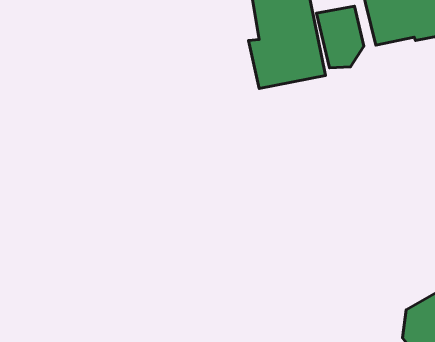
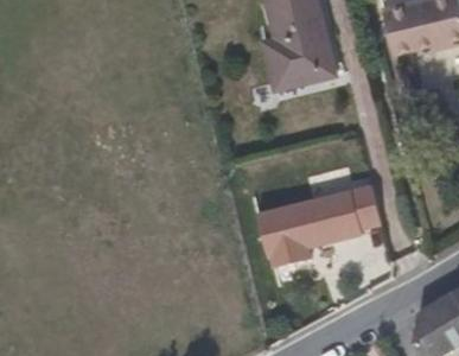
building: [317,6,364,68] -> none
building: none -> [256,177,382,252]

